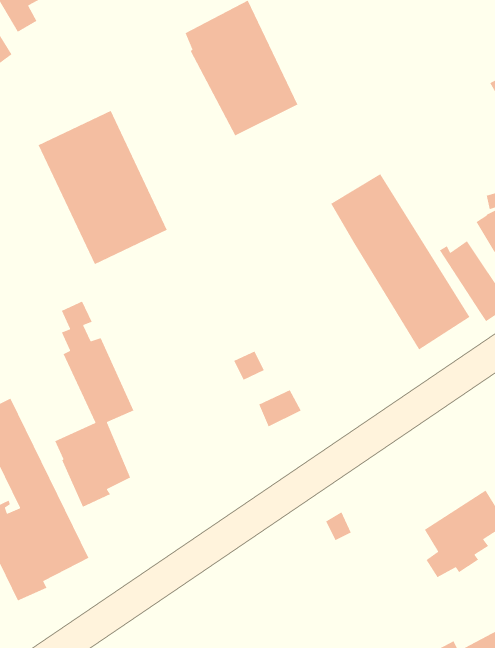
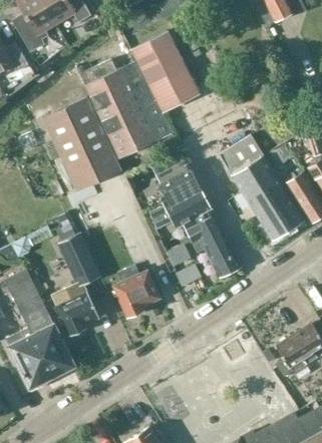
building: none -> [80,58,184,160]
building: none -> [158,169,241,278]
building: none -> [114,268,160,318]

